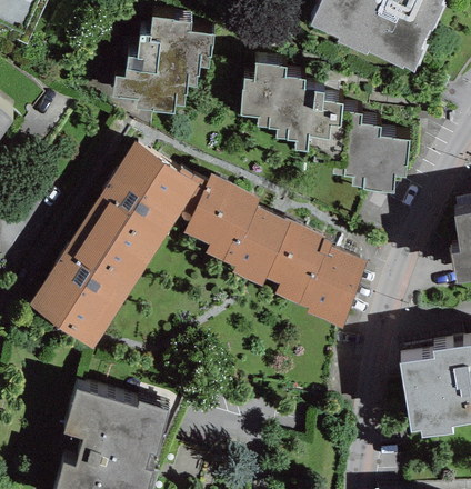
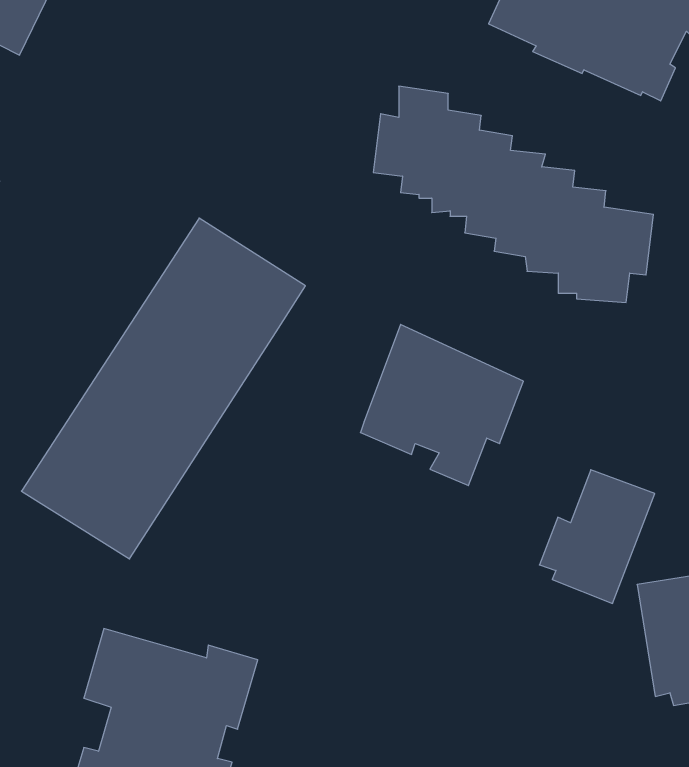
building: [112,14,214,111] -> none
building: [181,173,259,263] -> none
building: [298,244,368,326] -> [539,470,655,603]

